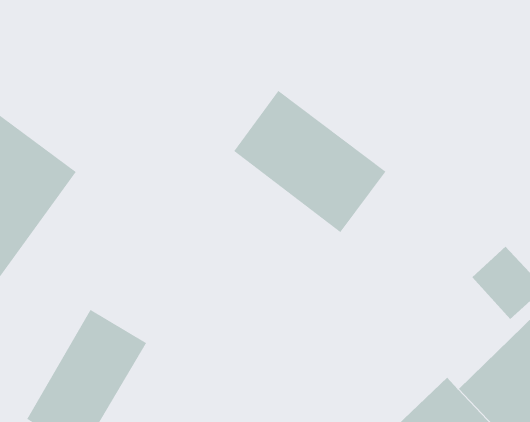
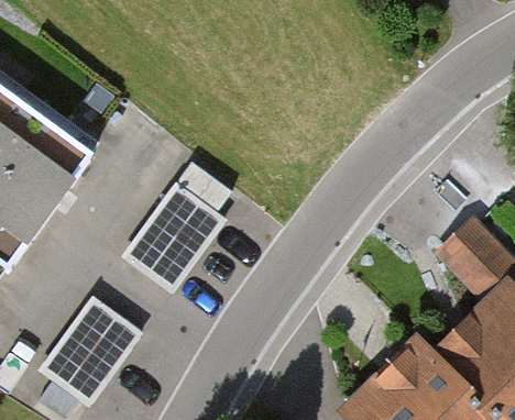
building: [233,90,387,233] -> none
building: none -> [127,172,232,283]

